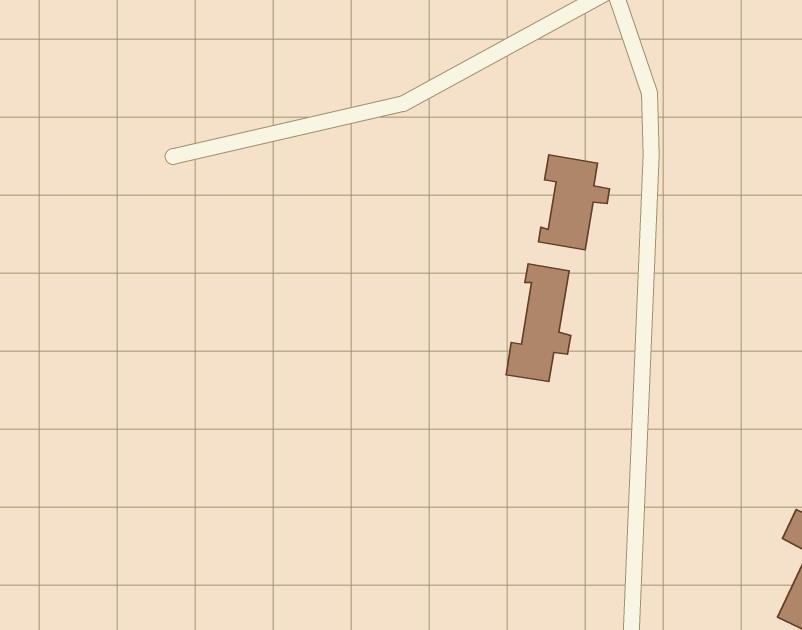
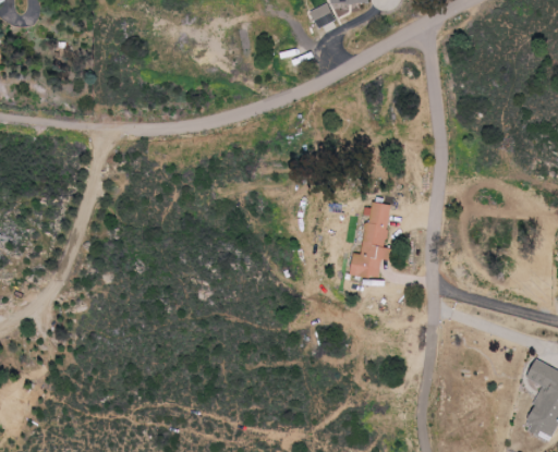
building: [539,155,609,250] -> none

